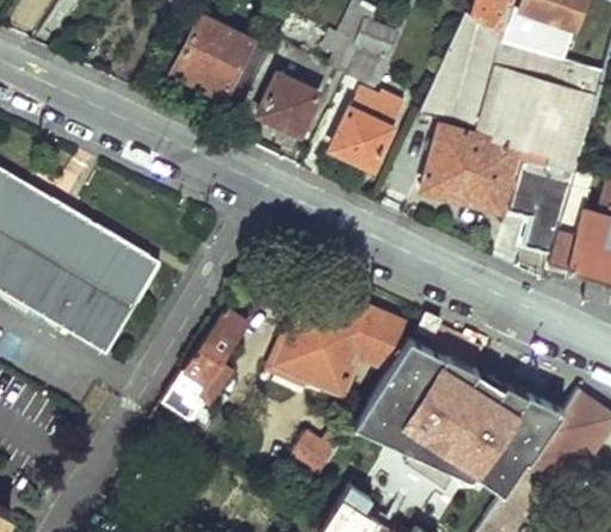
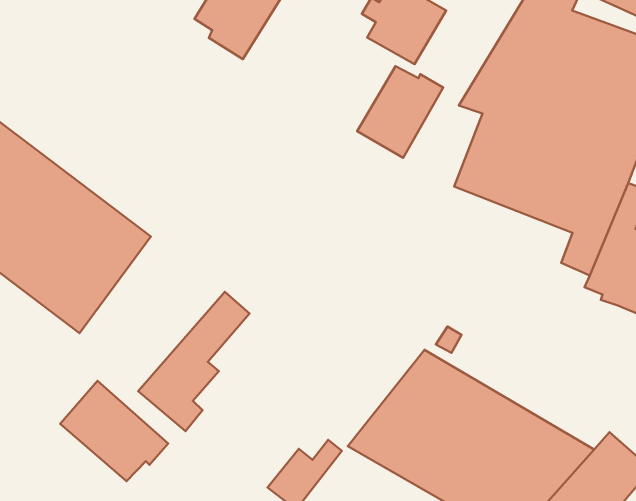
building: [257,76,316,135] -> none
building: [273,295,402,390] -> none
building: none -> [60,381,168,481]

